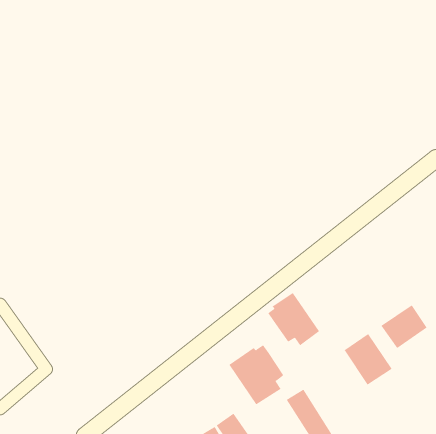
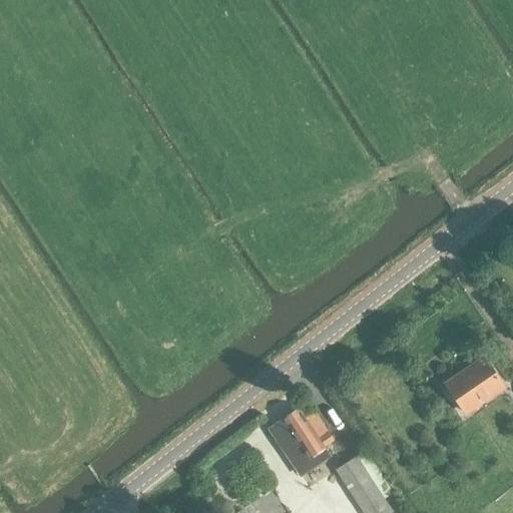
building: [267,292,320,346] -> none
building: [344,333,393,385] -> none

